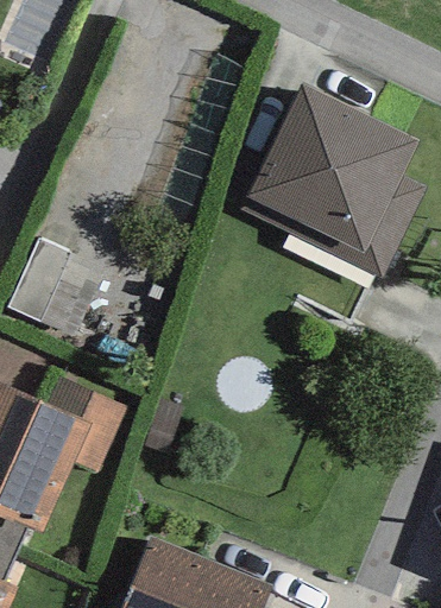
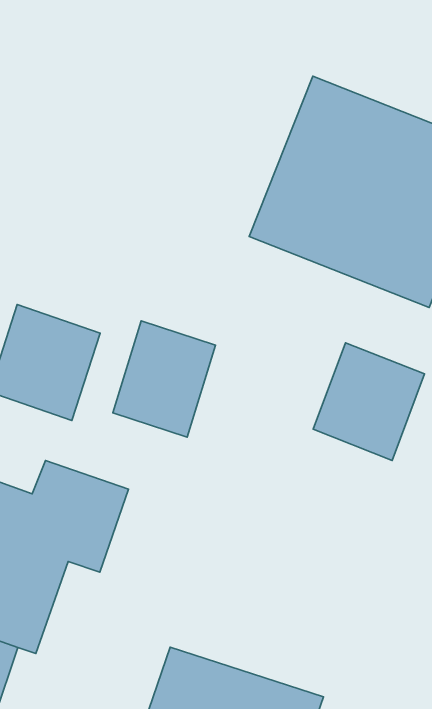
building: none -> [113,321,216,437]
building: none -> [313,343,424,460]

